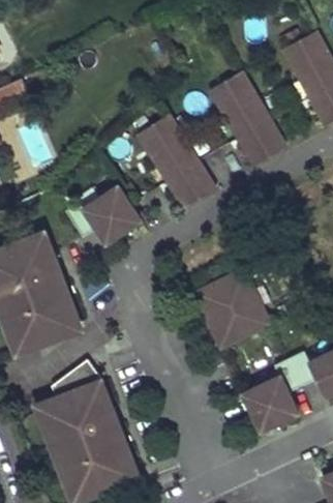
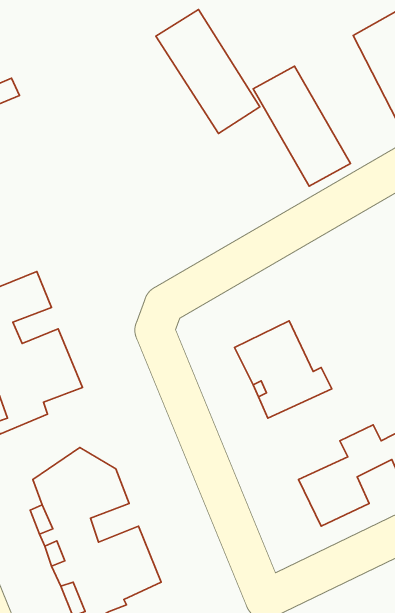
building: [135,115,216,211] -> [156,10,260,134]
building: [63,188,135,244] -> none

